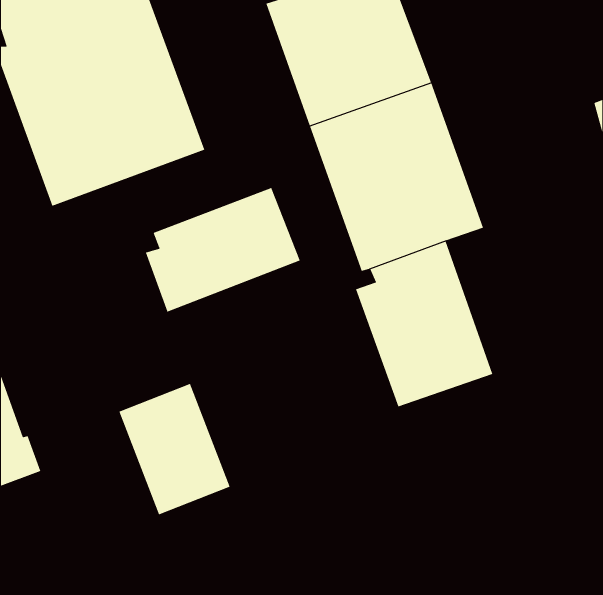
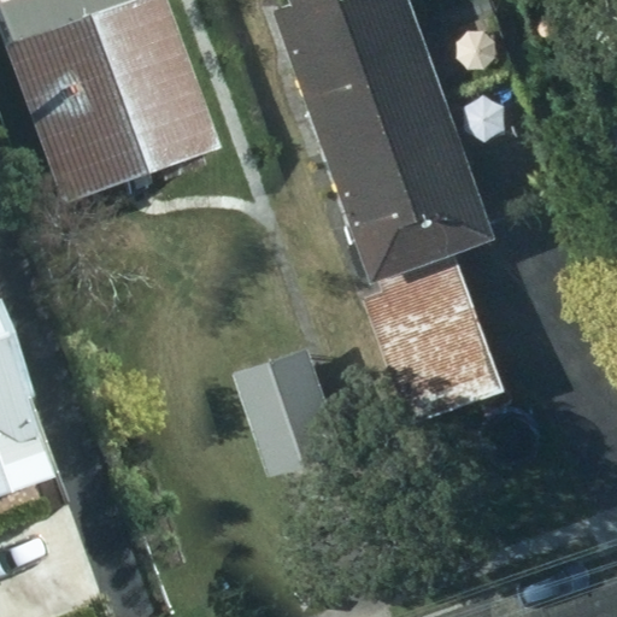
building: [145,187,301,313] -> none
building: [118,383,231,515] -> [239,330,353,465]

